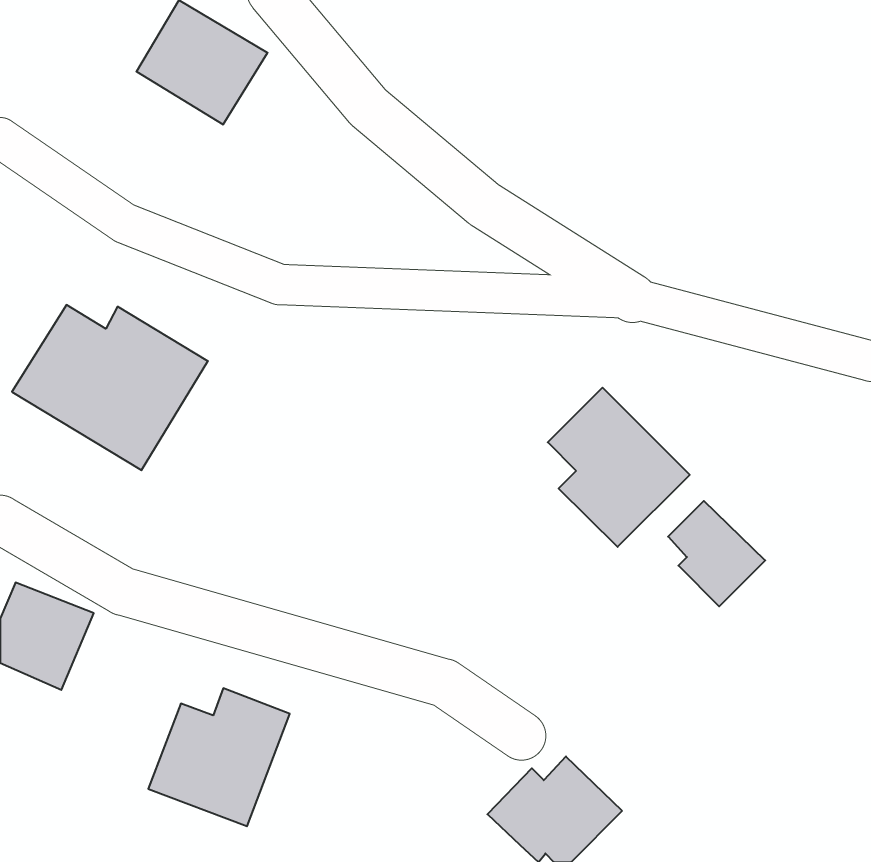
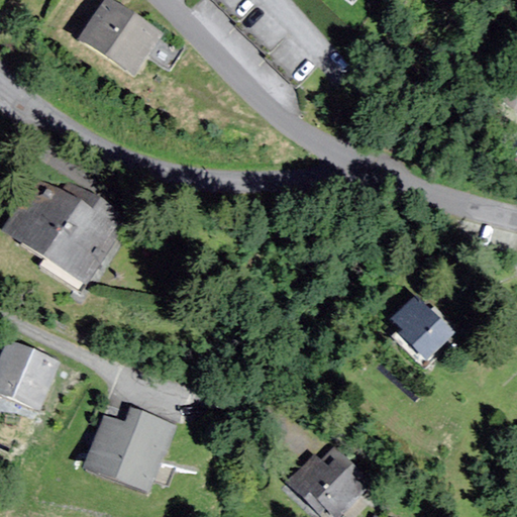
building: [548,388,690,547] -> none

